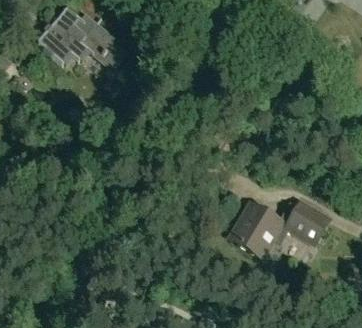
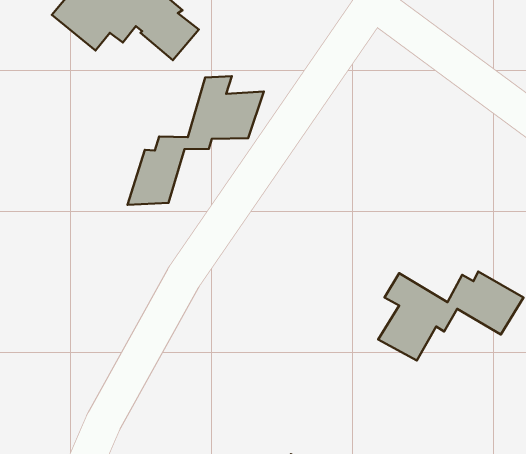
building: none -> [128,76,264,205]

